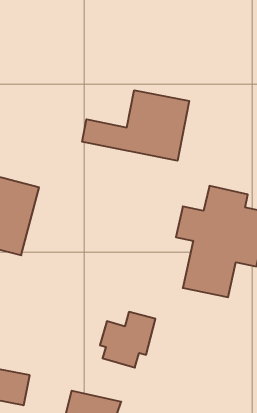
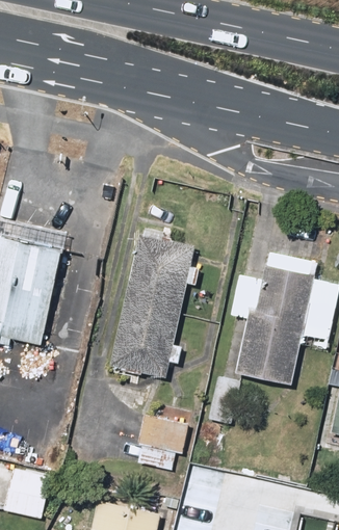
building: [82,90,189,161] -> none
building: none -> [108,229,201,387]

